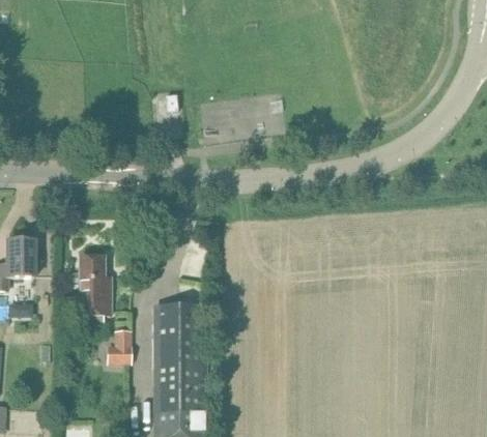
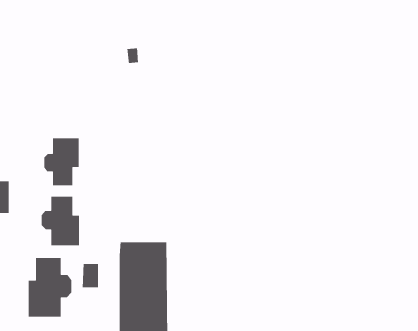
building: none -> [43,137,79,186]
building: none -> [28,257,72,317]

